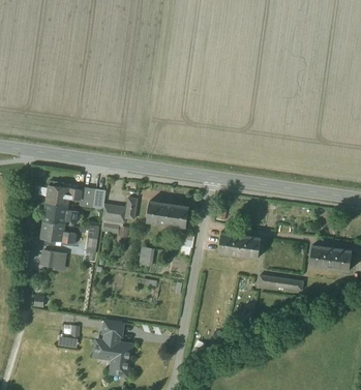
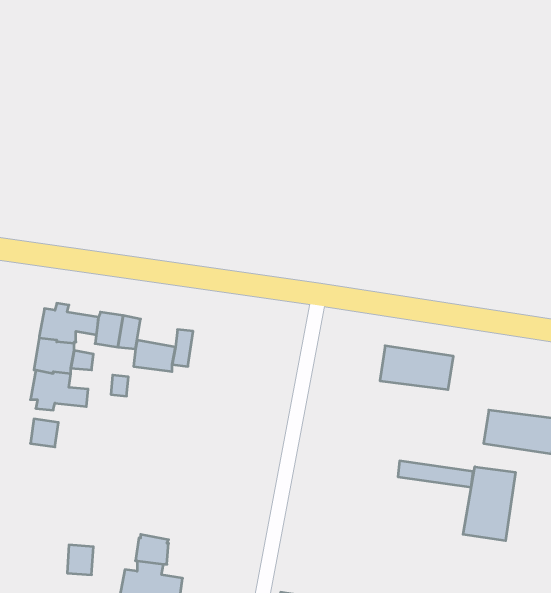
building: [147,201,189,228] -> none
building: [218,232,262,258] -> [380,346,453,390]
building: none -> [463,467,515,541]

